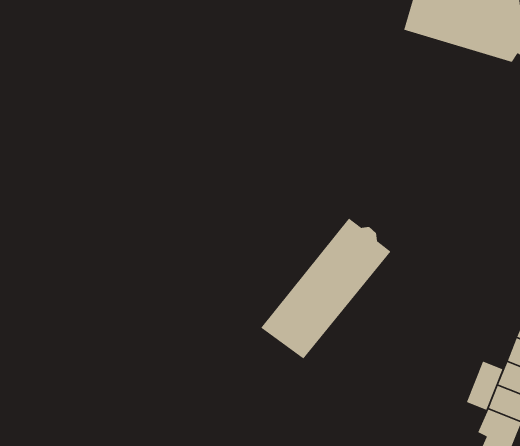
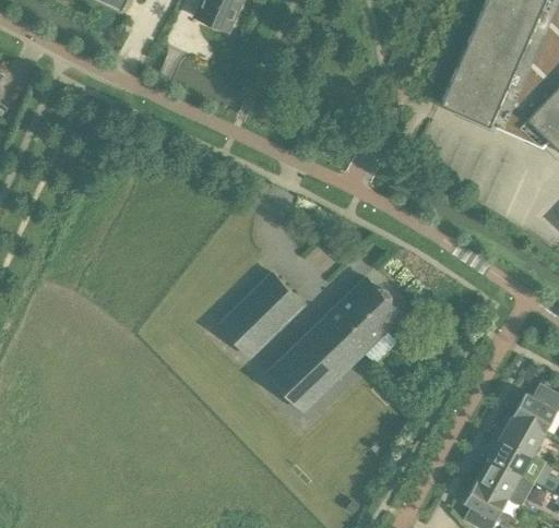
building: none -> [219,273,305,357]
building: [466,360,504,411] -> none

